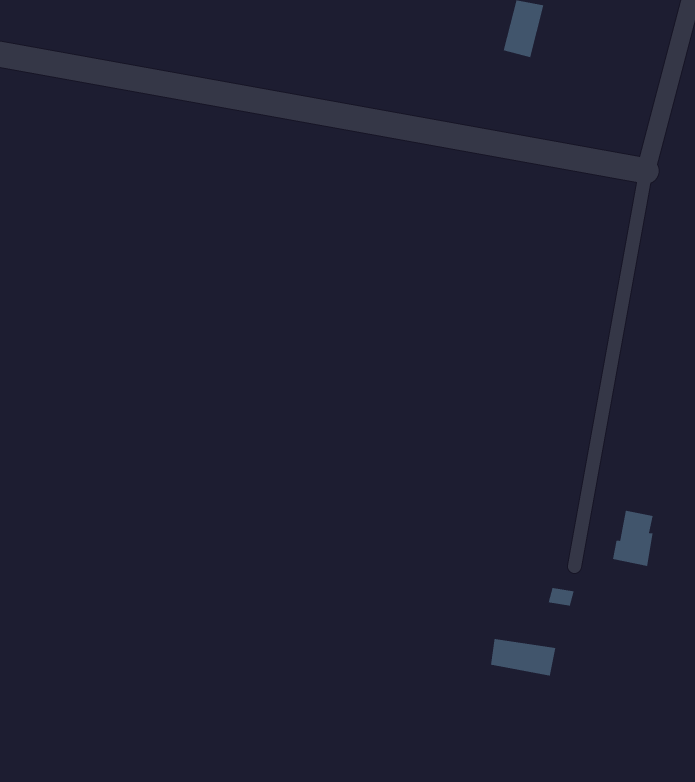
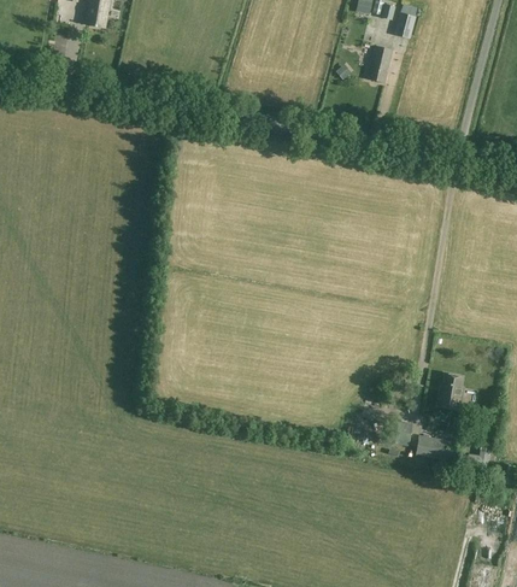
building: [490,639,556,676] -> [415,435,457,459]

